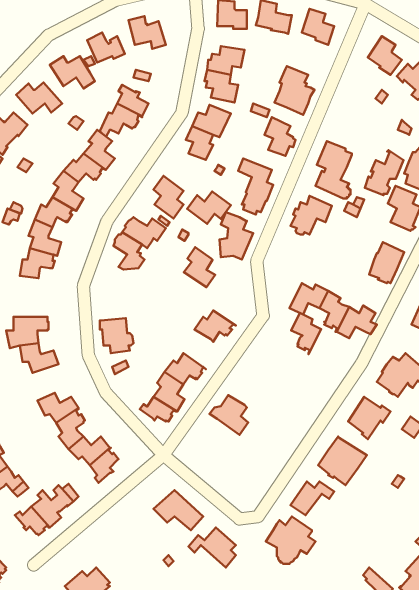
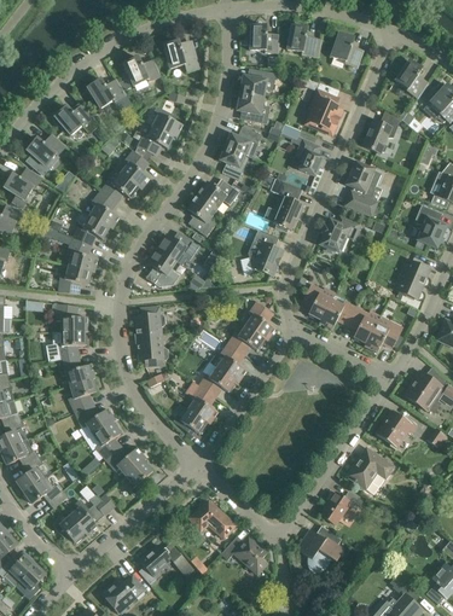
building: [365,150,403,195] -> [362,109,400,152]
building: [187,191,231,224] -> [197,178,239,209]
building: [184,247,215,287] -> [245,301,275,339]
building: none -> [52,303,87,331]
building: none -> [135,306,164,335]
building: [291,313,321,354] -> [302,283,331,322]
building: none -> [68,378,98,412]
building: [210,395,248,435] -> [209,343,246,382]
building: none -> [138,545,187,583]

